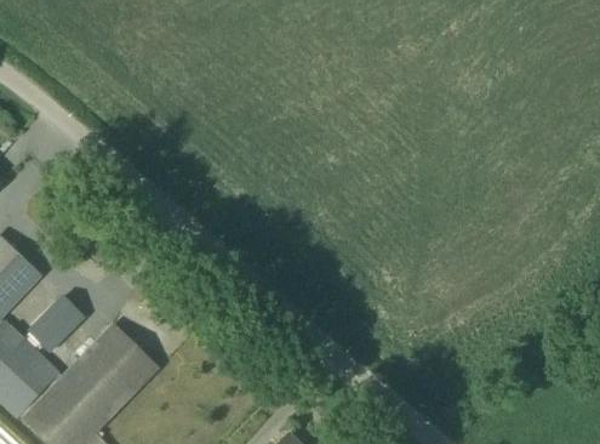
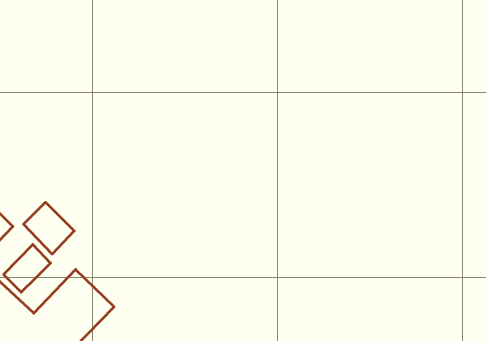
building: none -> [24,202,74,254]

